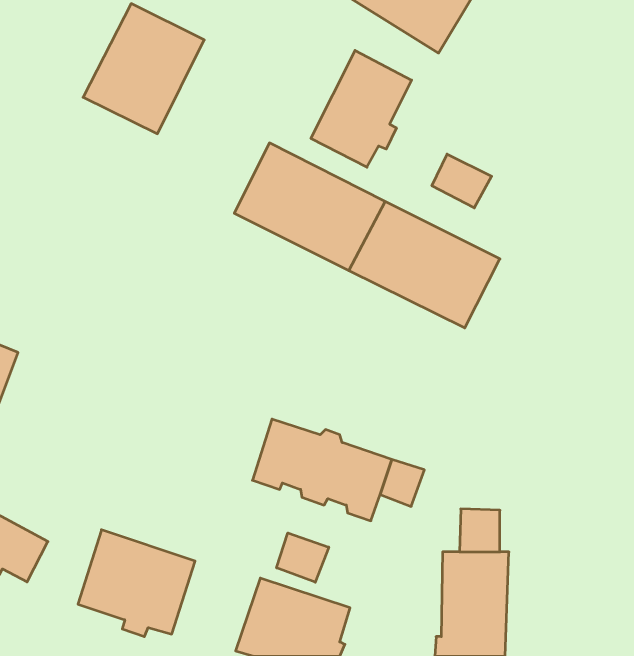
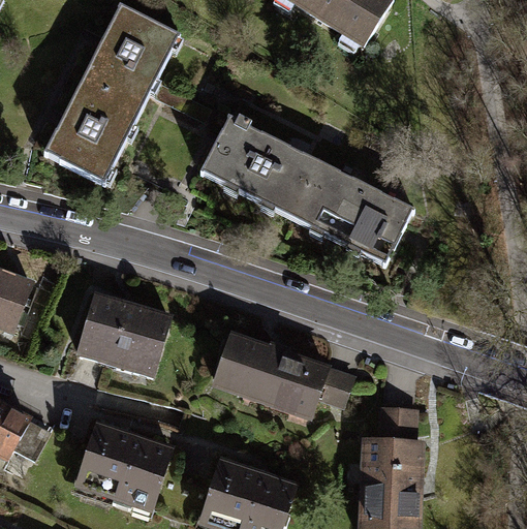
building: [311,50,412,167] -> none
building: none -> [45,81,141,182]
building: [432,154,492,208] -> none
building: none -> [80,295,169,375]
building: [277,533,329,582] -> none

